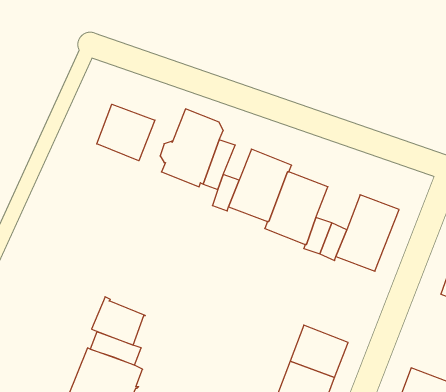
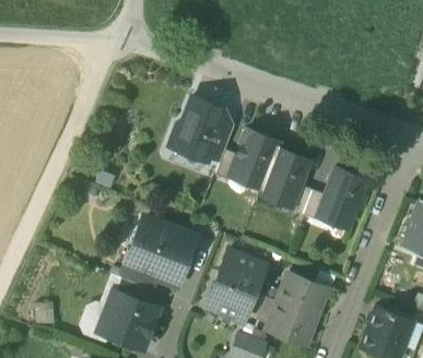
building: [97,104,155,161] -> none
building: none -> [131,218,196,274]
building: none -> [207,250,265,321]

